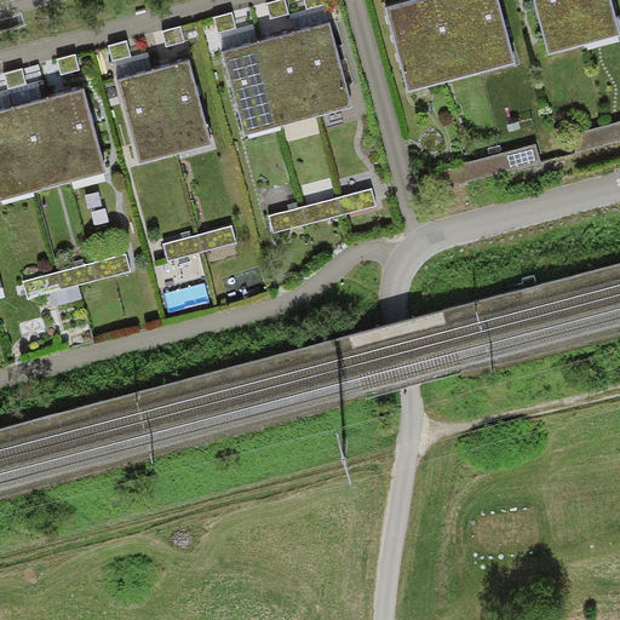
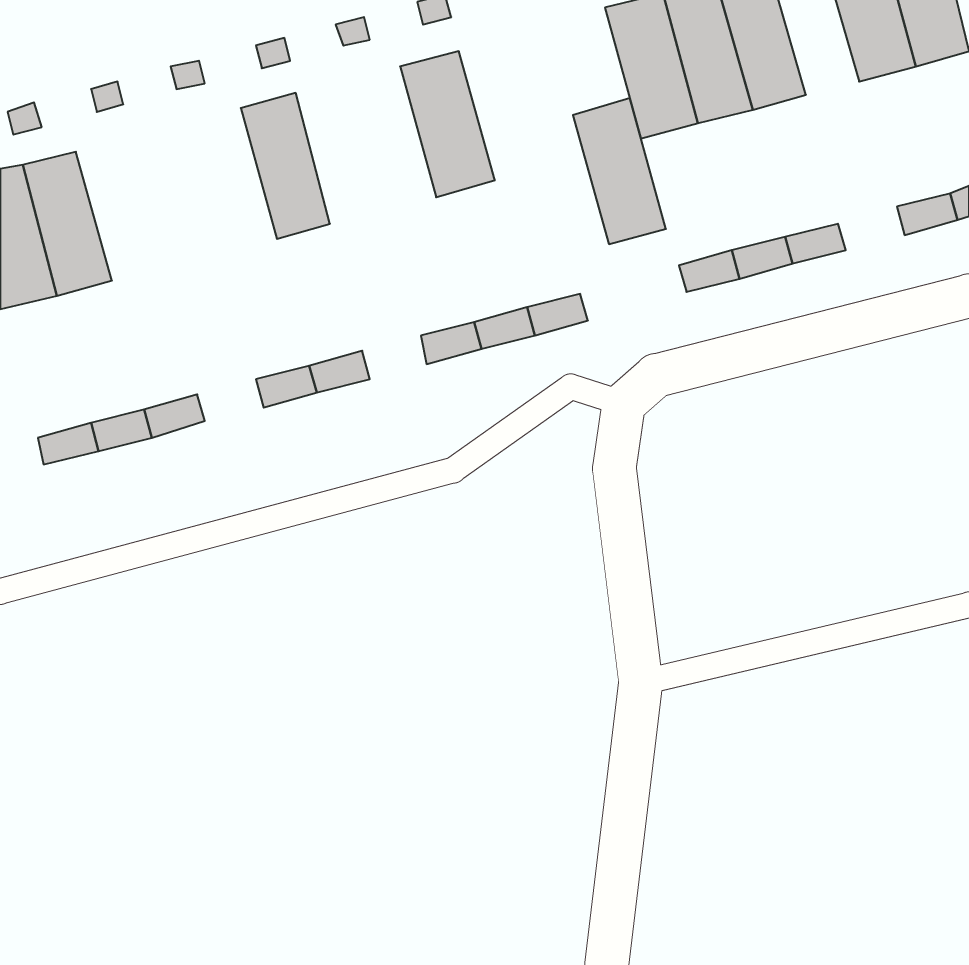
building: [293,22,352,115] -> [573,98,666,244]
building: [224,42,279,134] -> none
building: [116,69,177,162] -> none
building: [48,87,105,179] -> none

